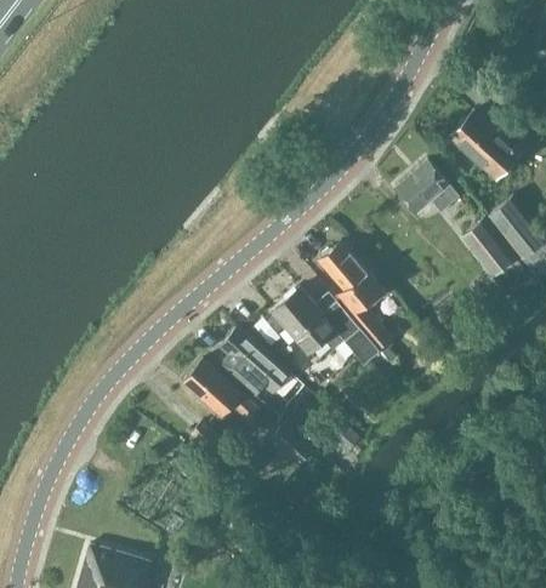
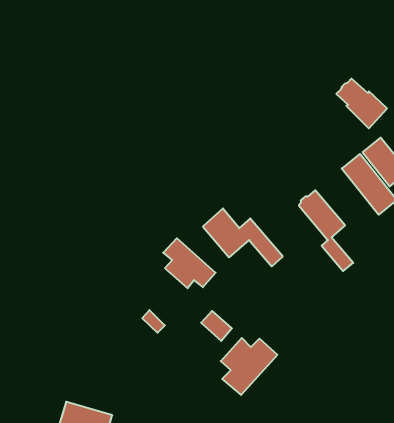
building: [396,162,459,216] -> none
building: [319,244,392,352] -> [299,190,353,271]
building: [183,362,257,423] -> none
building: none -> [221,338,277,395]

